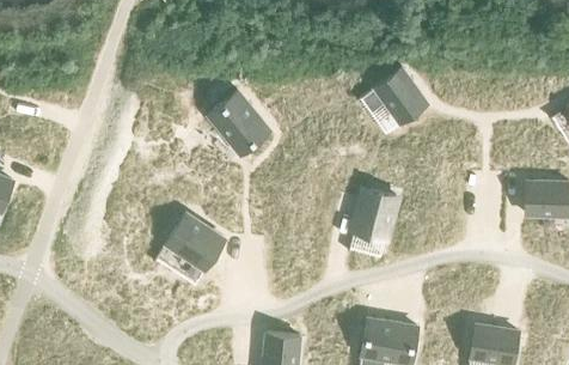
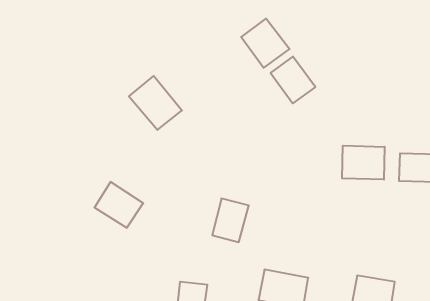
building: none -> [241,19,290,68]
building: none -> [342,146,385,180]
building: [353,190,396,242] -> [212,198,249,242]

